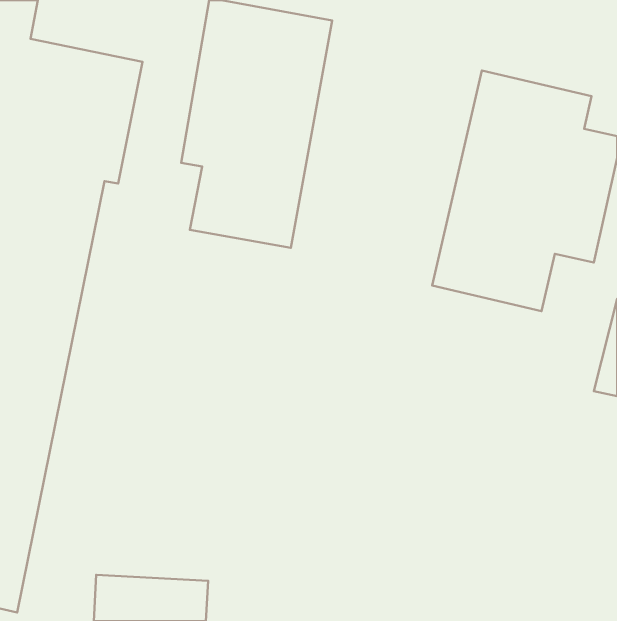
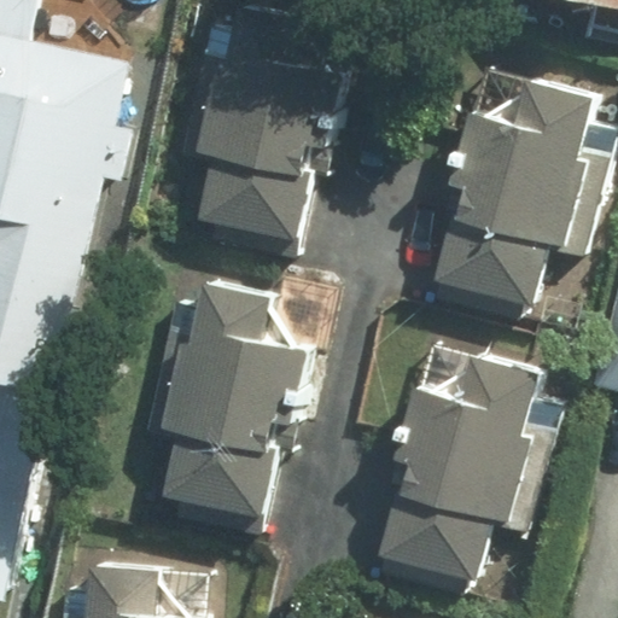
building: none -> [142,281,299,512]
building: none -> [372,344,556,588]

